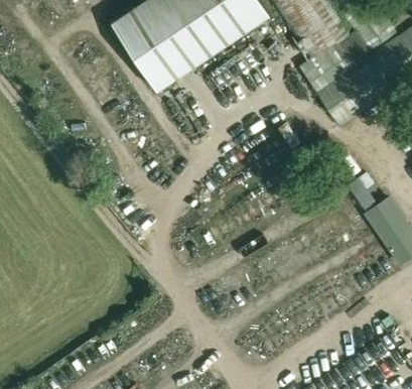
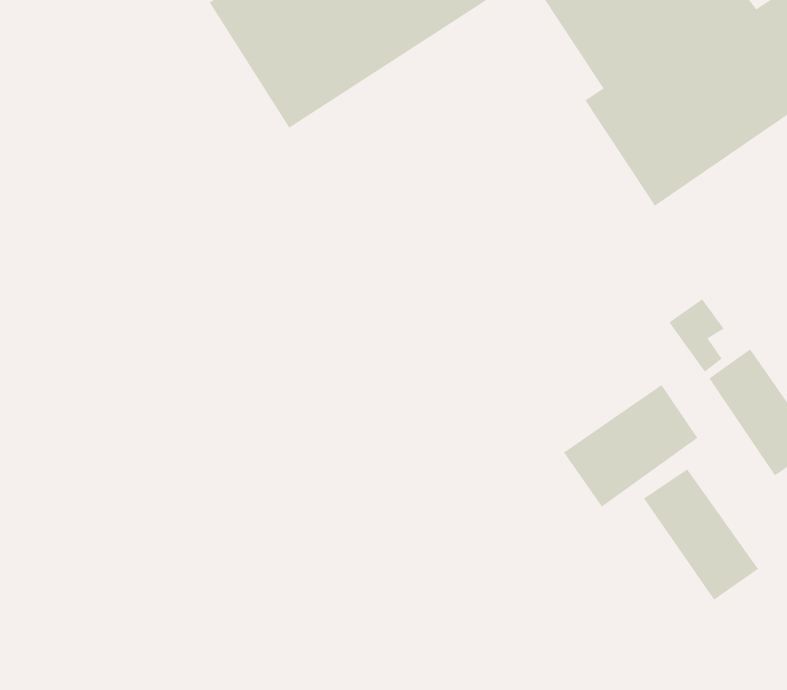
building: none -> [563,384,698,507]
building: none -> [643,468,759,601]

